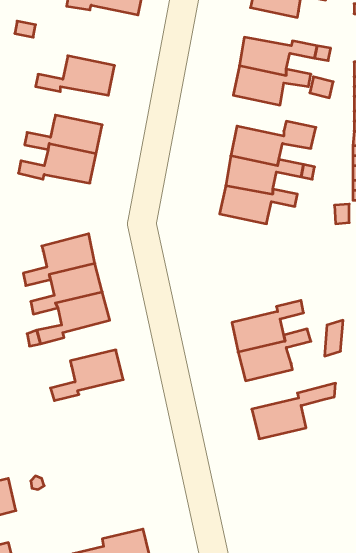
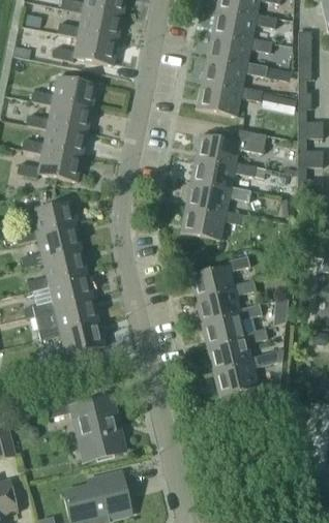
building: none -> [53,32,117,65]
building: none -> [206,34,271,66]
building: none -> [26,100,92,132]
building: none -> [14,198,76,243]
building: none -> [180,207,245,240]
building: none -> [189,255,249,298]
building: none -> [38,296,98,339]
building: none -> [207,328,267,370]
building: none -> [43,390,123,459]

